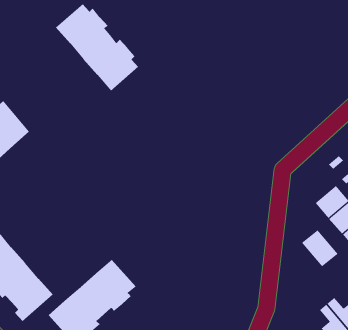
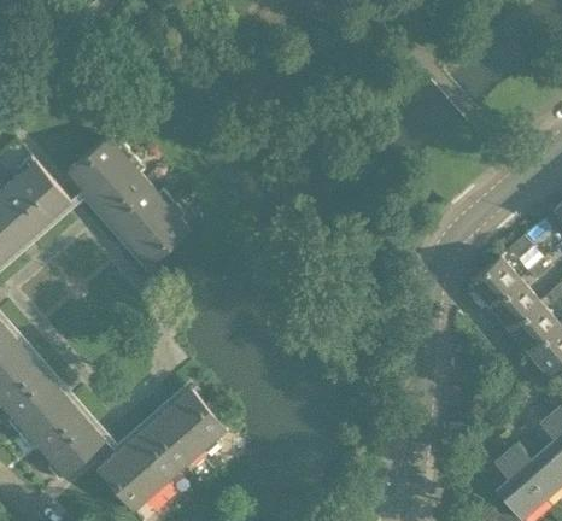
building: [55,4,139,92] -> [66,136,189,265]
building: none -> [468,257,520,306]
building: [301,230,338,267] -> none

